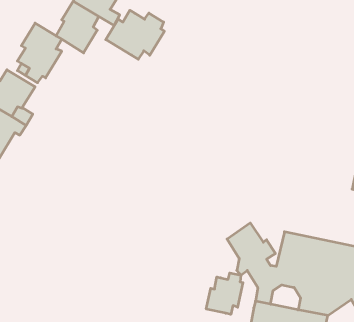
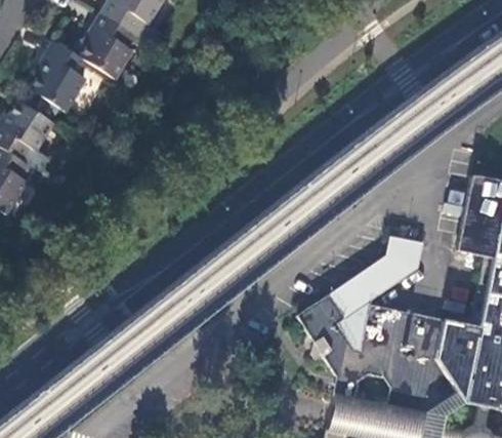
building: [106,10,164,59] -> none
building: none -> [329,237,426,319]
building: [206,273,243,314] -> none

